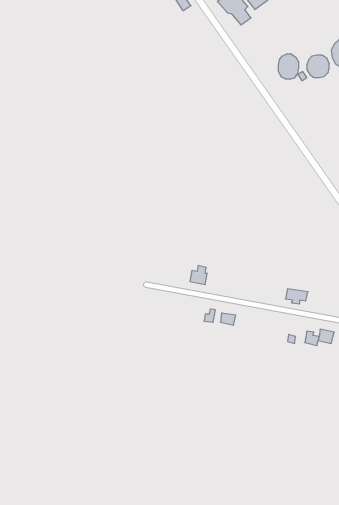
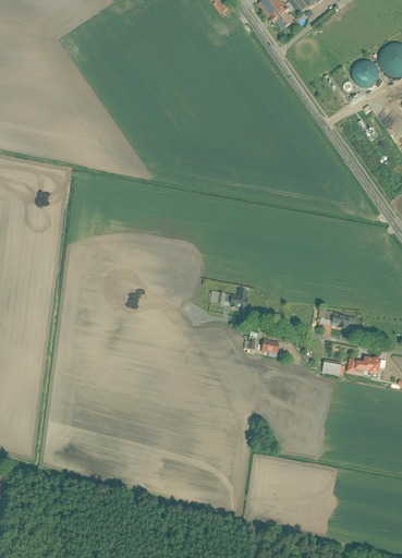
building: [278,54,299,79] -> none

